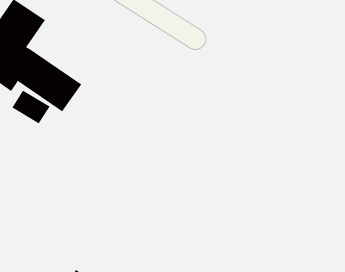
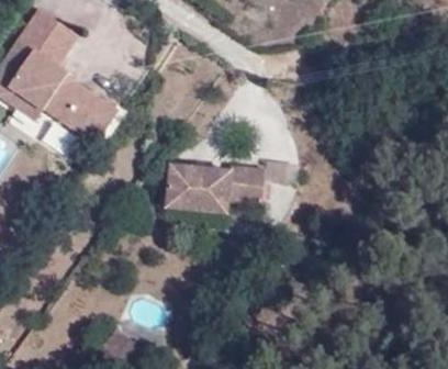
building: none -> [164,163,264,214]

